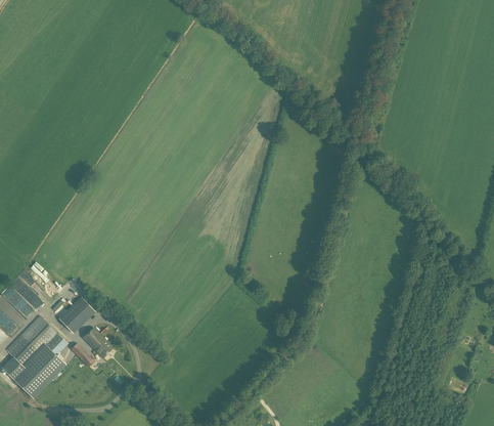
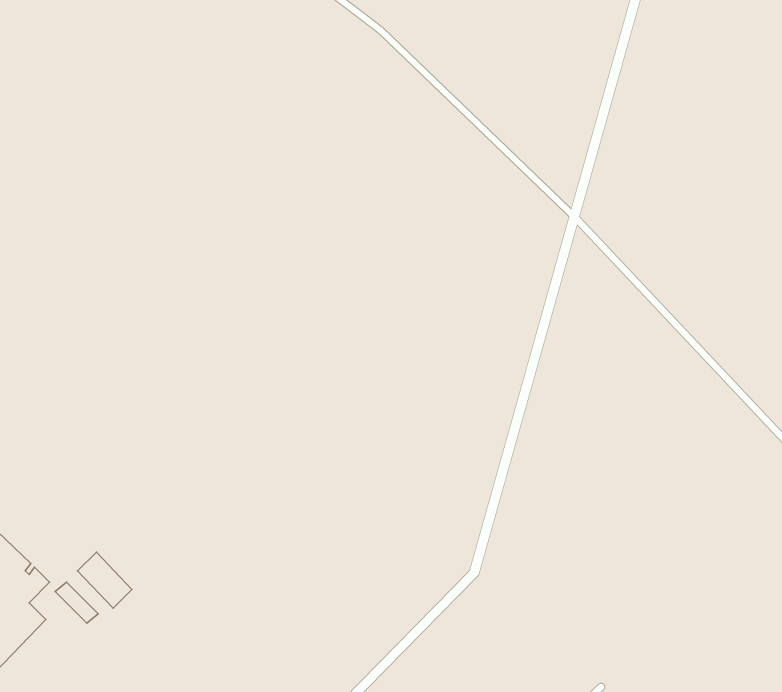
building: [58,296,95,333] -> none

